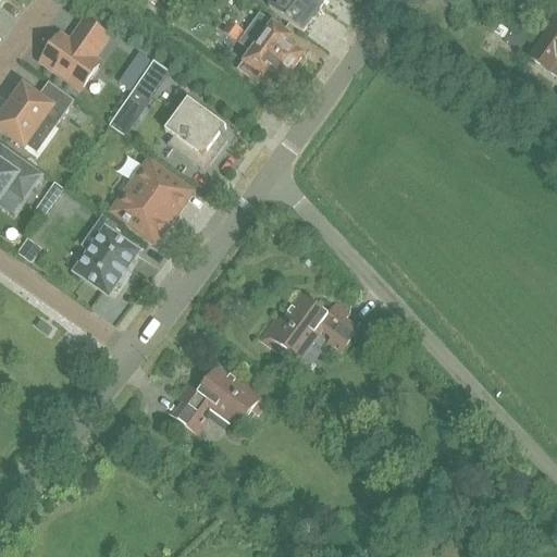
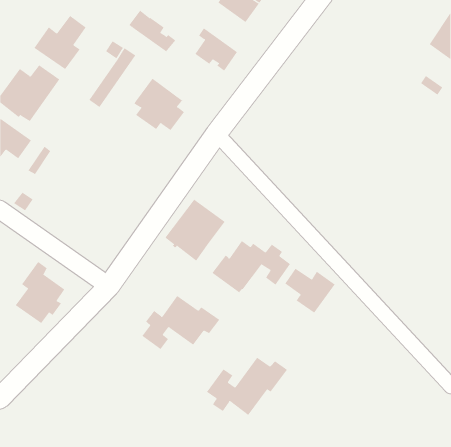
building: [246,12,305,64] -> [128,10,176,52]
building: [114,161,189,238] -> [165,199,226,261]
building: [75,214,137,292] -> [15,261,65,324]
building: none -> [284,268,335,313]
building: none -> [206,357,288,416]

